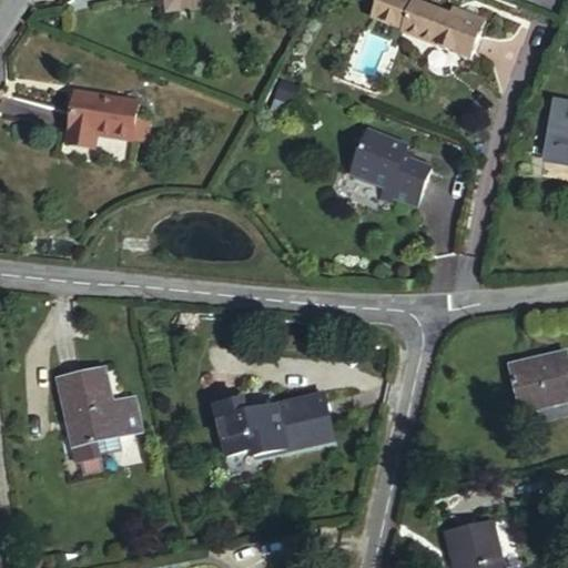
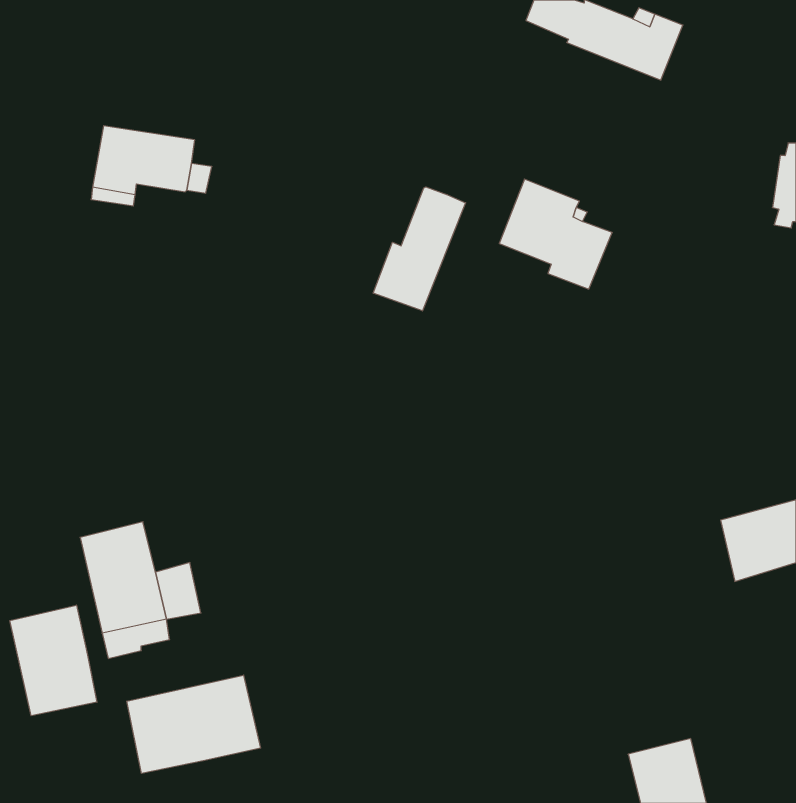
building: none -> [373,187,466,311]
building: [212,395,333,457] -> none
building: none -> [10,605,97,716]
building: none -> [127,675,261,773]

